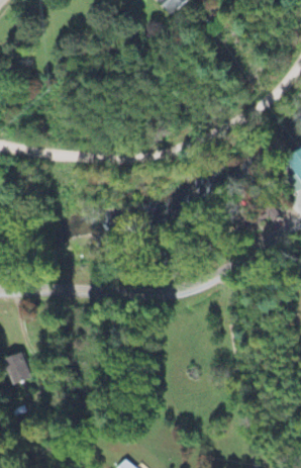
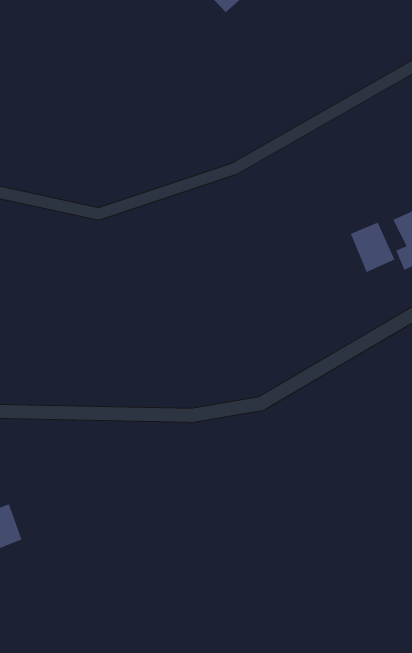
building: none -> [350,221,396,273]

